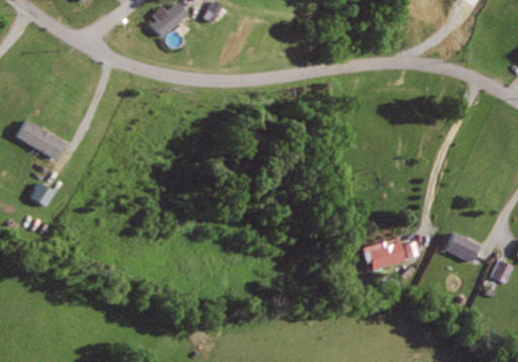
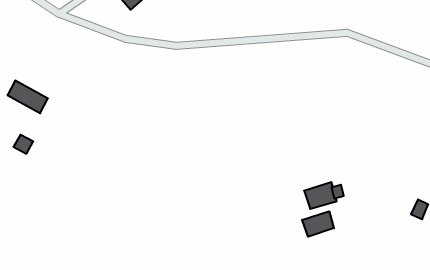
building: [445,232,482,263] -> none
building: none -> [302,211,334,237]

